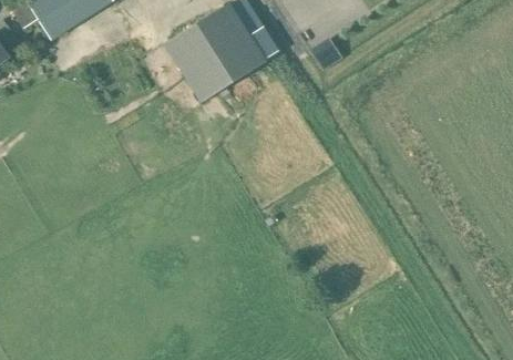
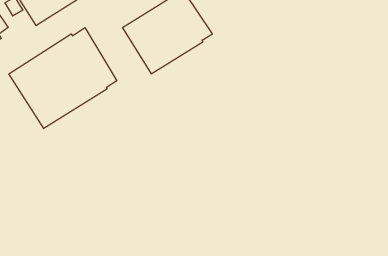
building: none -> [9,28,117,129]

